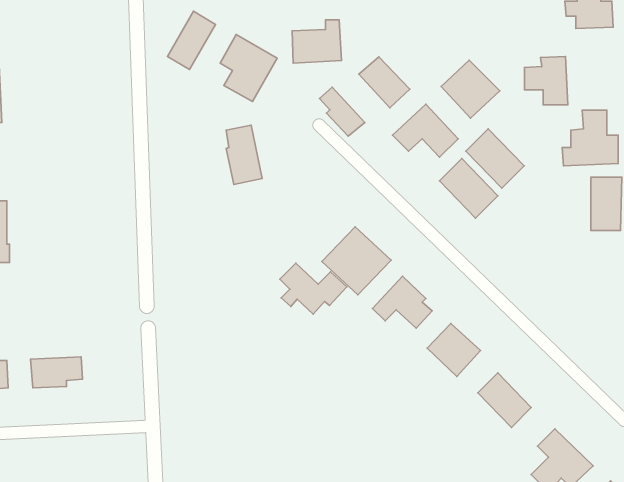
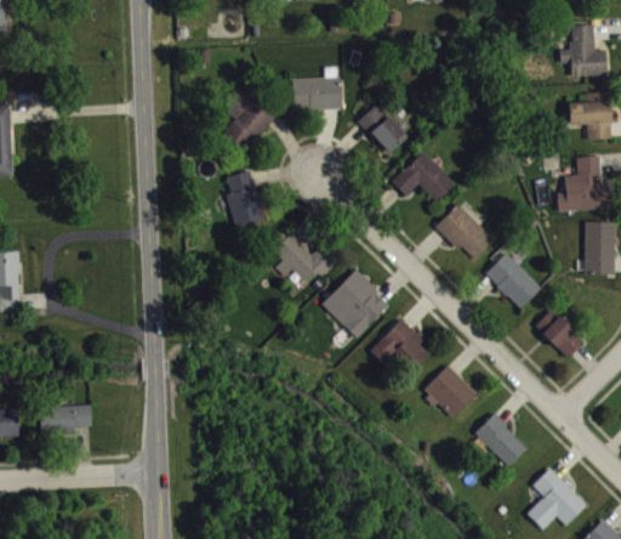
building: [168,11,215,70] -> none
building: [524,56,568,105] -> [569,92,611,140]
building: [441,60,500,118] -> none
building: [320,87,365,136] -> none
building: [466,129,524,188] -> [485,251,542,310]
building: [280,263,347,314] -> [274,234,340,284]
building: none -> [535,310,585,358]

